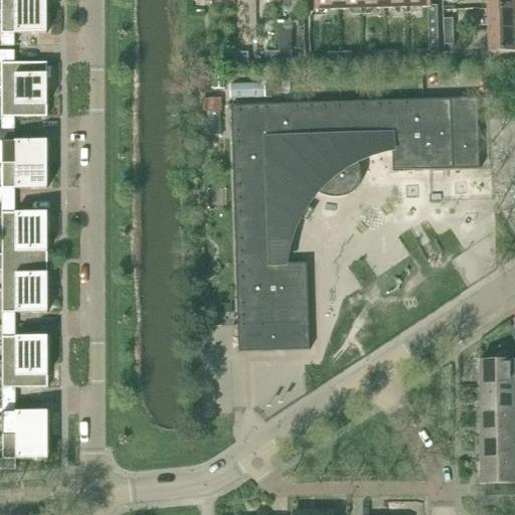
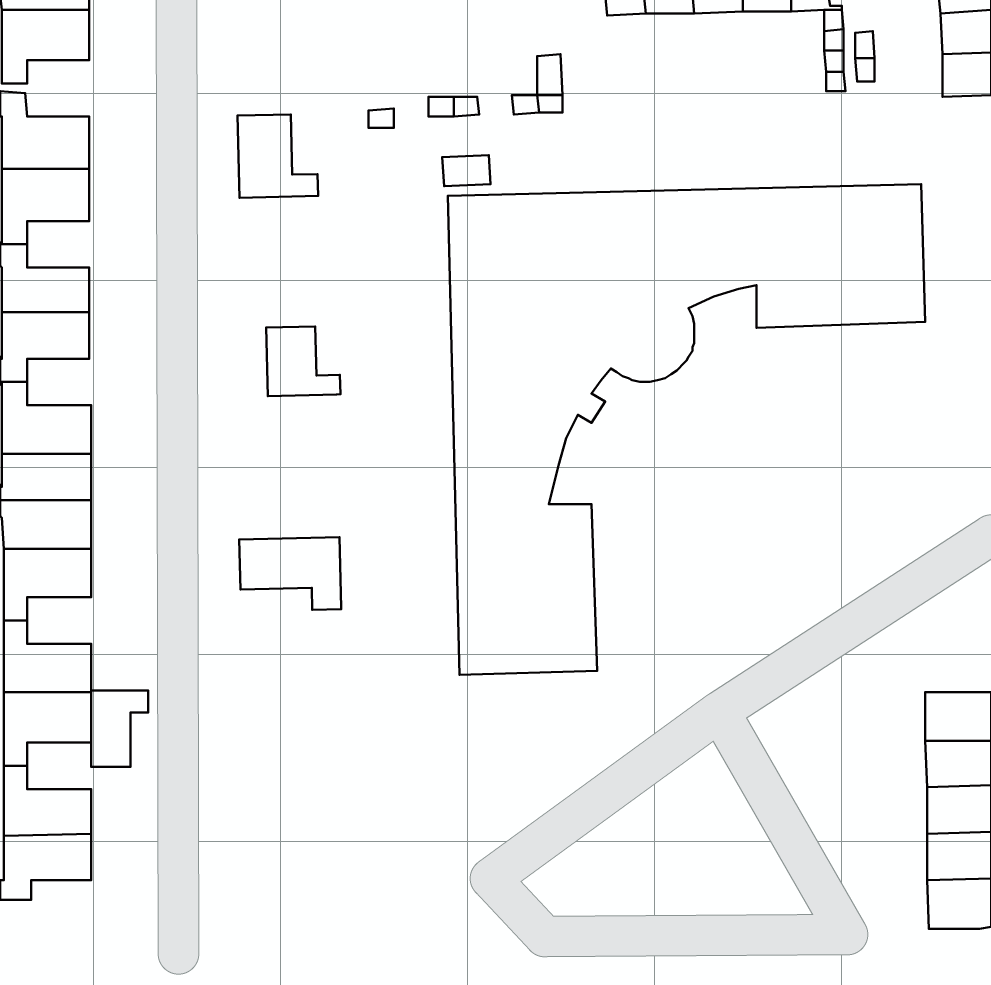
building: none -> [238,114,318,198]
building: none -> [266,326,340,396]
building: none -> [239,537,341,610]
building: none -> [91,690,148,767]

